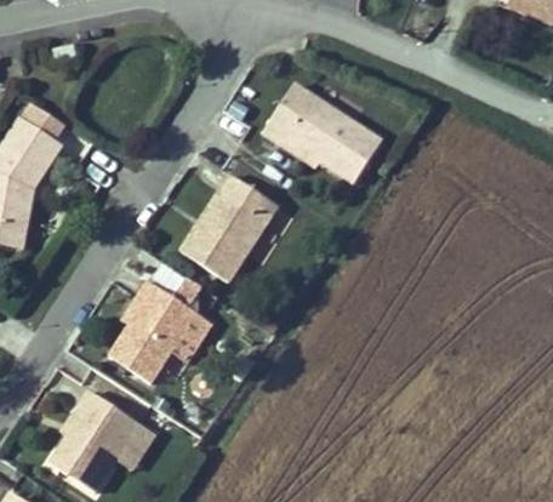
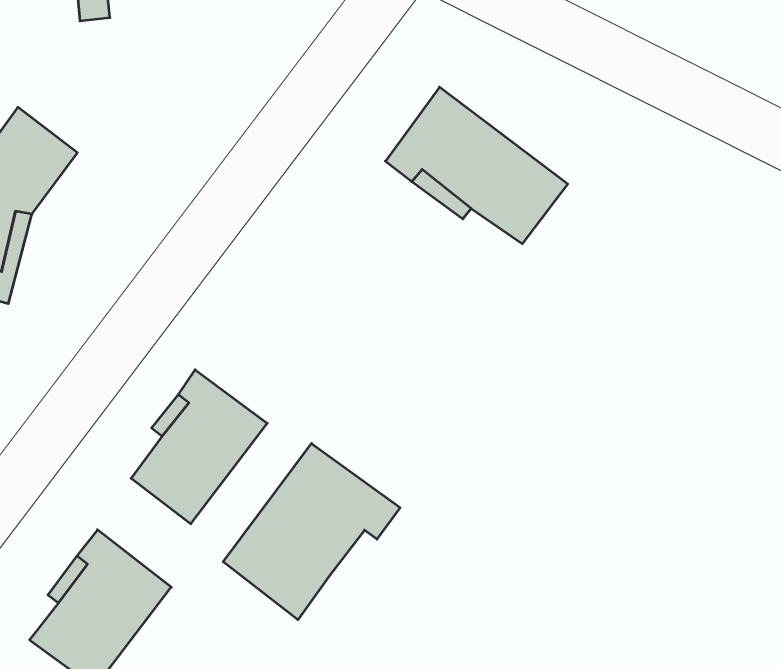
building: [179,175,276,283] -> none
building: none -> [223,443,400,620]

